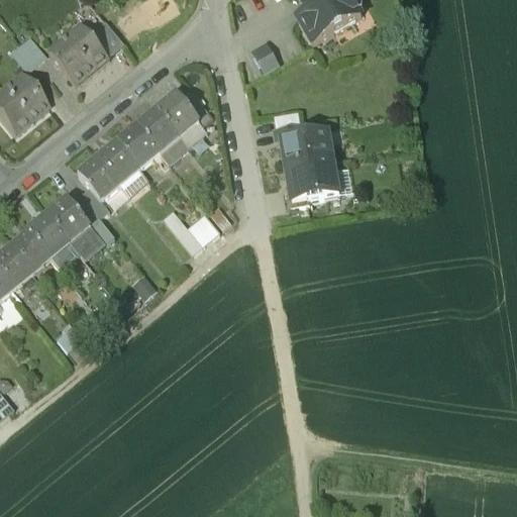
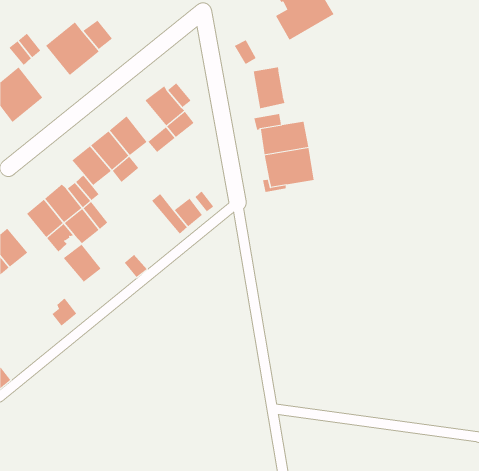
building: none -> [253,67,285,109]
building: [136,108,179,152] -> none
building: [8,230,49,272] -> [63,244,101,282]

